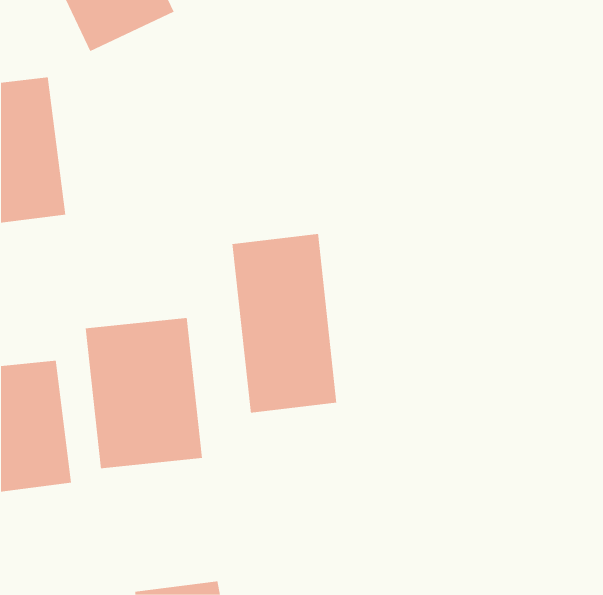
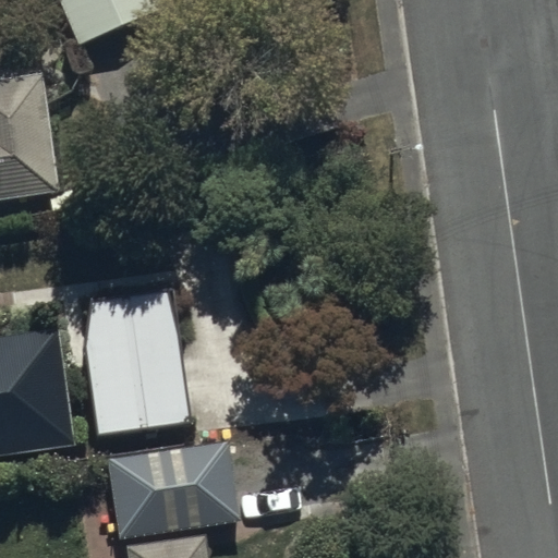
building: [232,233,337,413] -> none
building: none -> [102,444,238,531]

